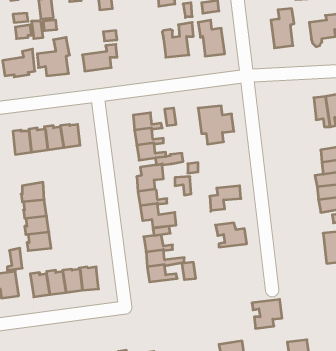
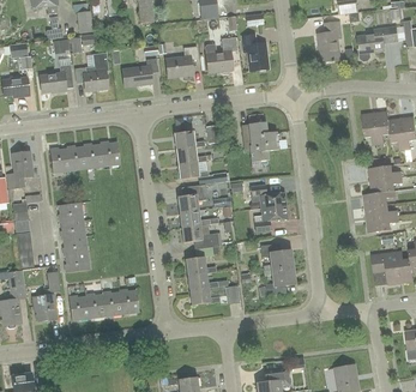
building: none -> [165,46,198,77]
building: none -> [249,185,285,207]
building: [252,299,282,328] -> [264,265,295,295]

